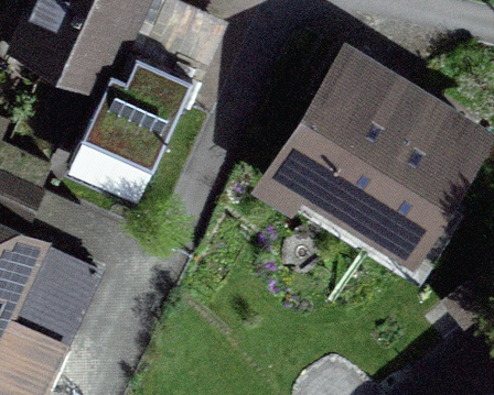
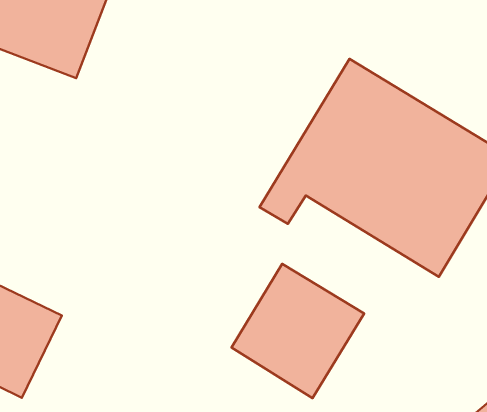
building: [74,62,191,191] -> none
building: none -> [231,264,364,398]

